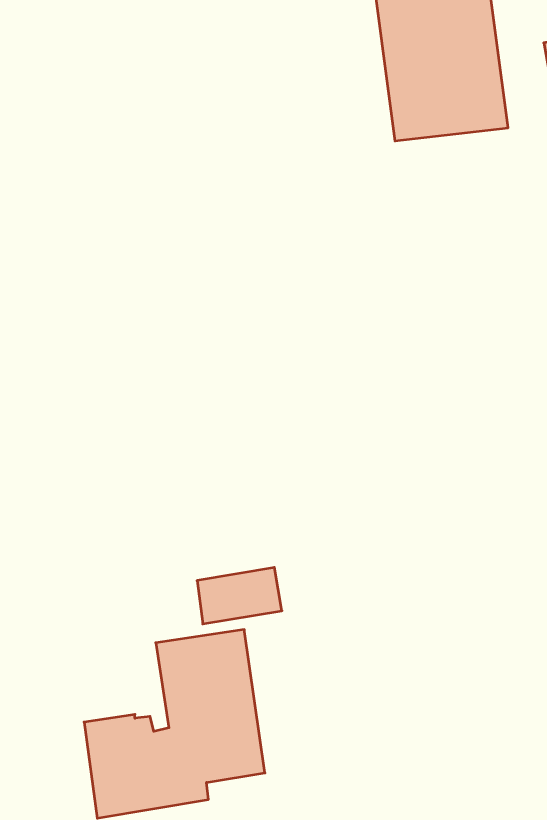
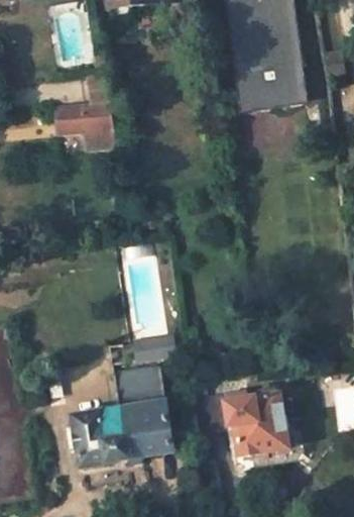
building: none -> [54,73,117,149]
building: none -> [197,394,290,456]

